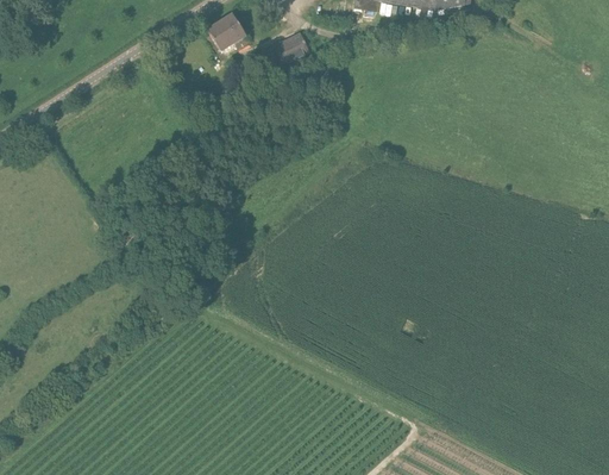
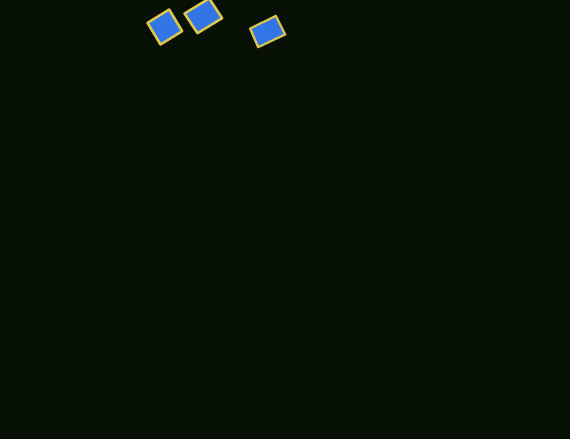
building: none -> [147,9,182,45]

